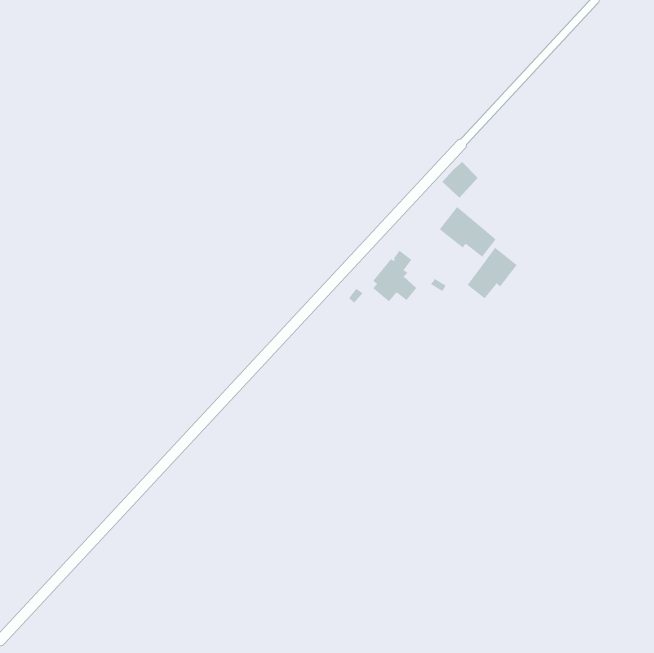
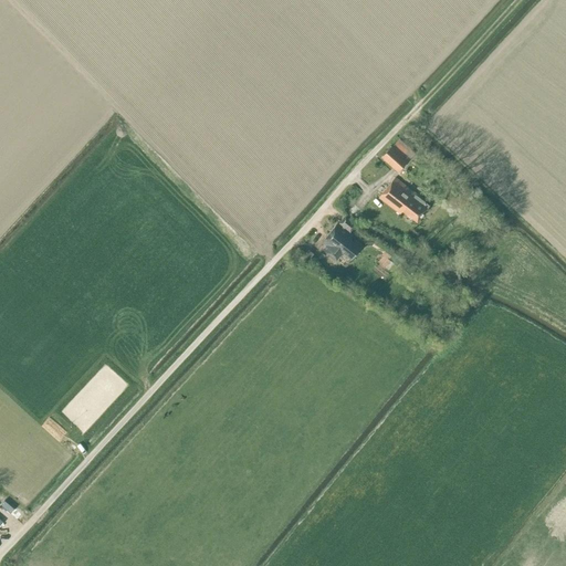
building: [467,247,518,299] -> none

